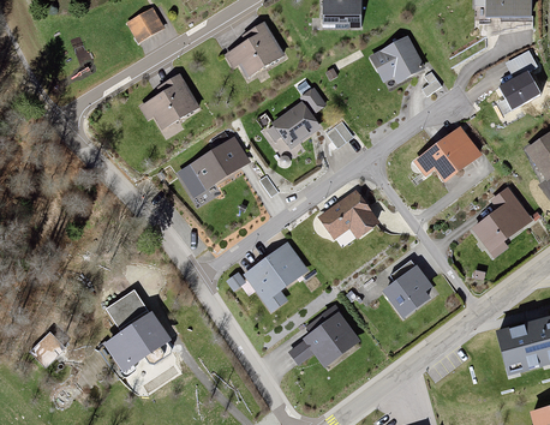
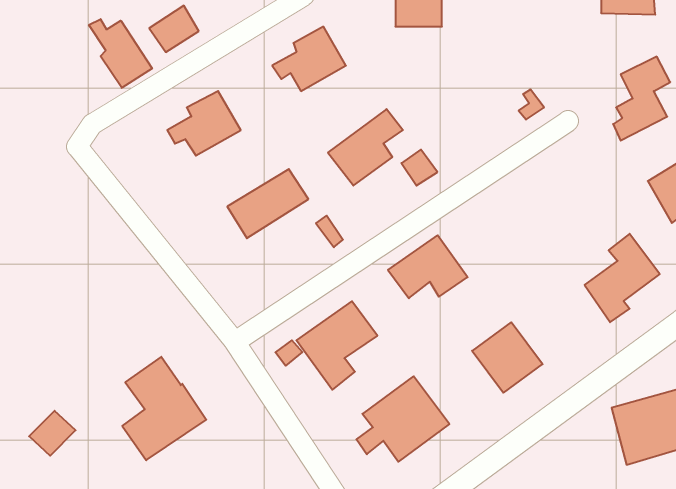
building: none -> [89,19,152,88]
building: [369,36,425,84] -> none
building: [413,128,482,184] -> none

